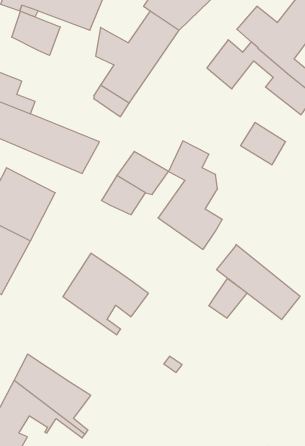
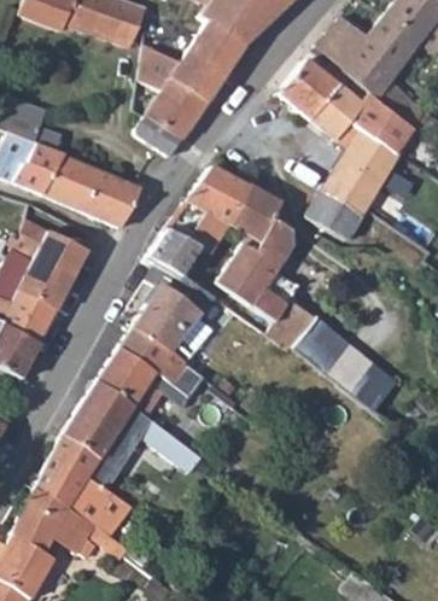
building: [12,11,60,55] -> none
building: none -> [310,86,397,187]
building: none -> [187,167,249,224]
building: none -> [306,192,361,240]
building: none -> [133,267,214,351]
building: [209,279,247,318] -> [267,299,315,349]
building: none -> [53,381,202,489]

